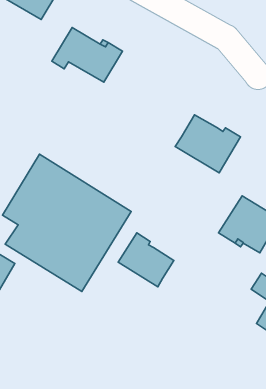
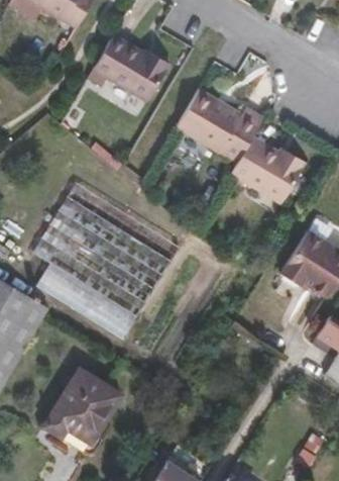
building: none -> [176,89,262,162]
building: [118,233,174,287] -> none
building: none -> [42,368,121,443]

